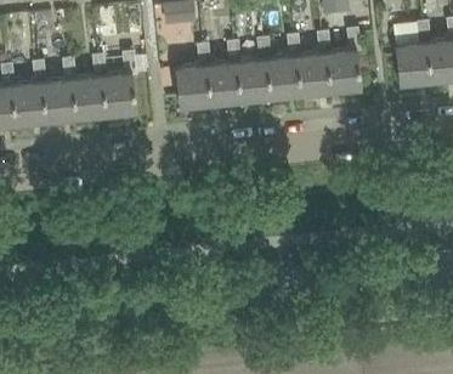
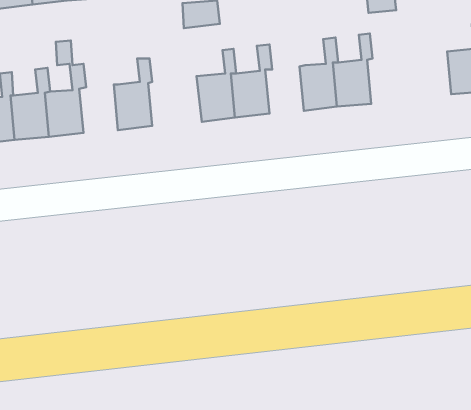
building: [325,29,361,94] -> none
building: [236,39,271,102] -> none
building: [72,56,106,119] -> none

